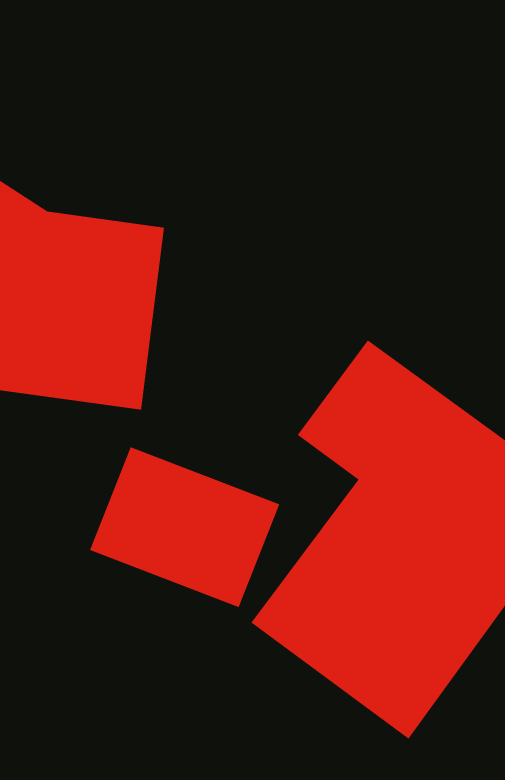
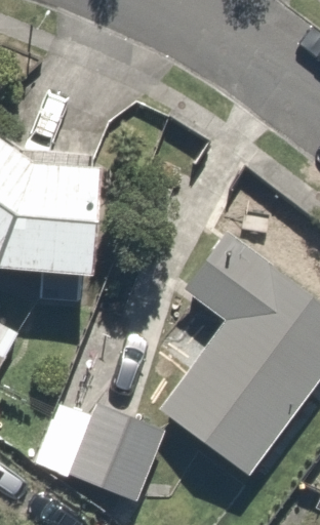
building: [89,447,280,608] -> [35,399,154,499]

